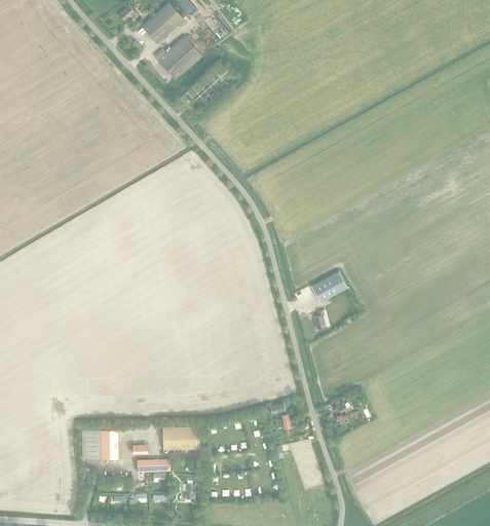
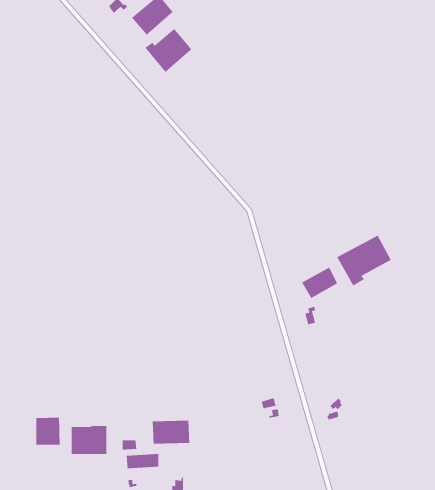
building: none -> [337,235,391,286]
building: none -> [36,417,60,446]

